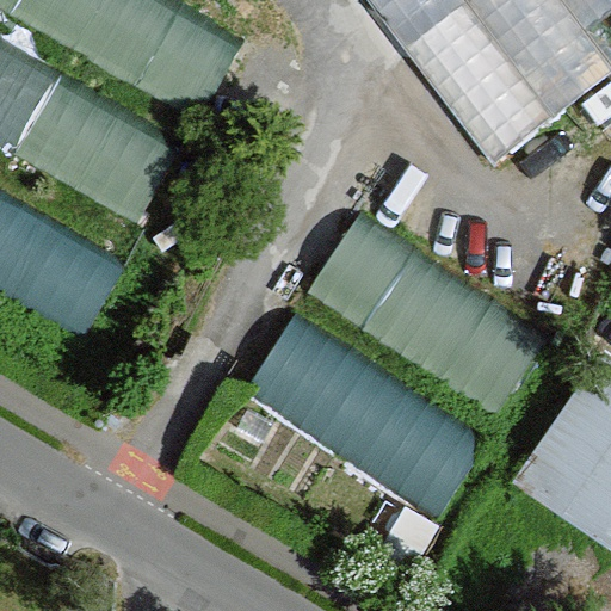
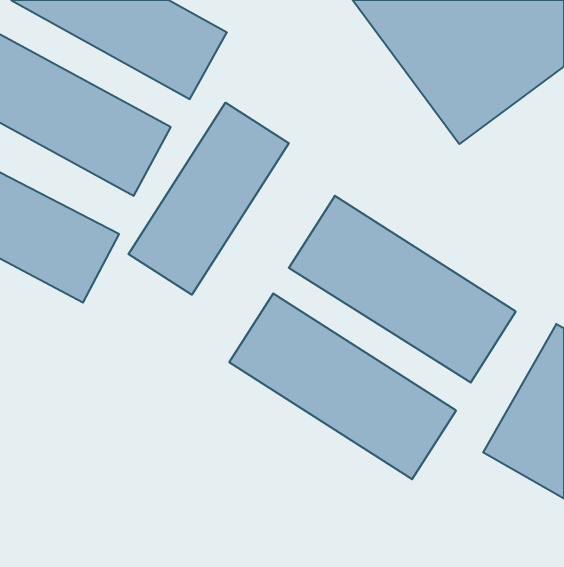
building: none -> [129,103,289,295]

